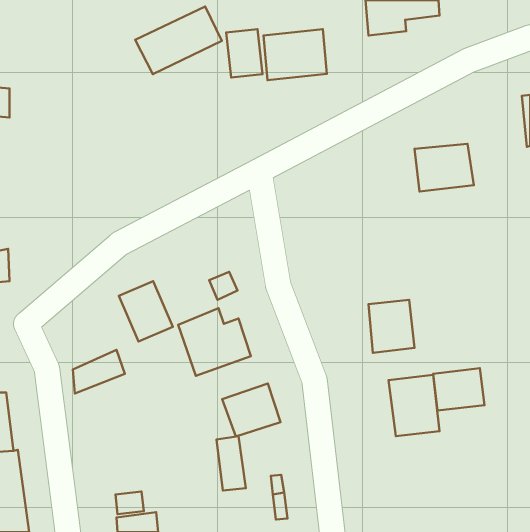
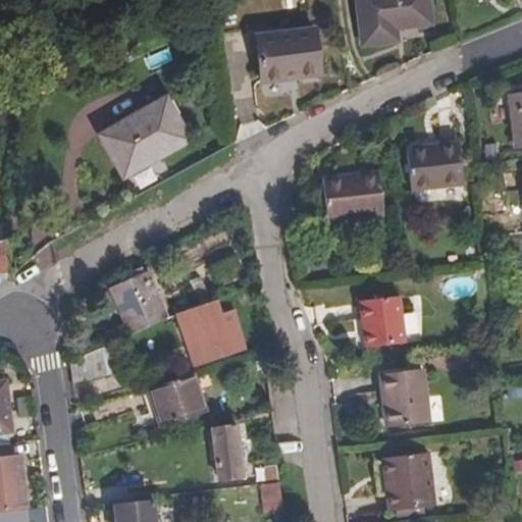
building: [135,7,222,74] -> [101,101,186,167]
building: [226,29,262,78] -> none
building: none -> [324,167,383,215]
building: [433,368,484,411] -> none
building: [222,384,280,437] -> [150,374,207,426]
building: none -> [381,451,432,507]

